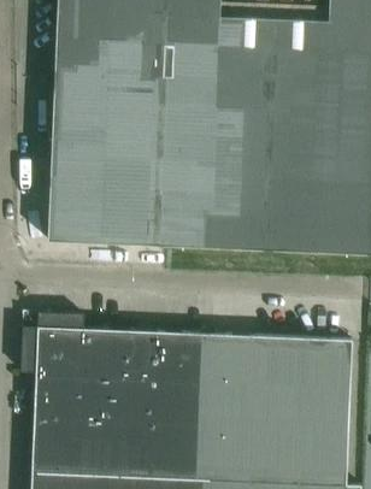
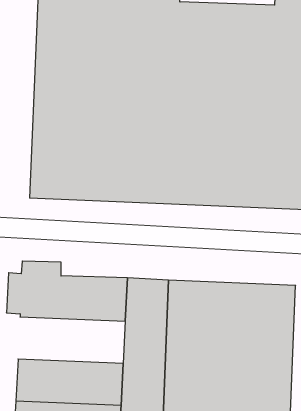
building: [34,376,157,429] -> none

